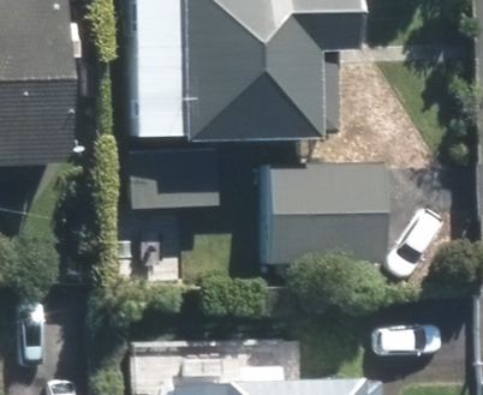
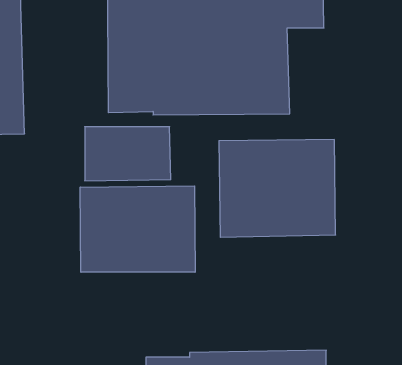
building: none -> [80,186,195,272]

